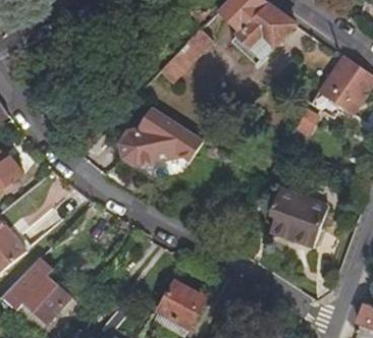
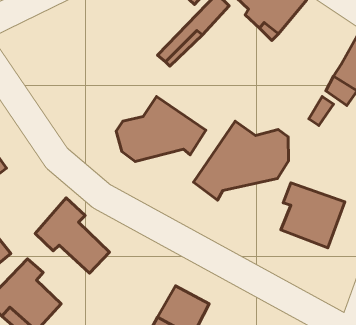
building: none -> [193,121,289,200]
building: none -> [35,198,109,273]

